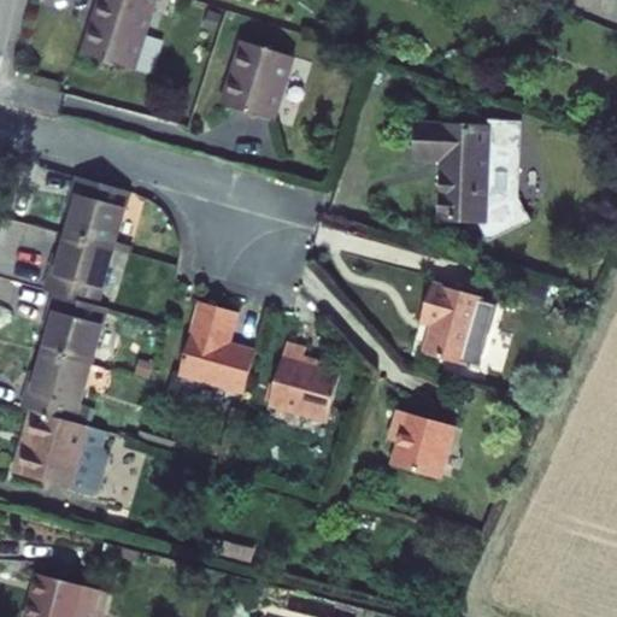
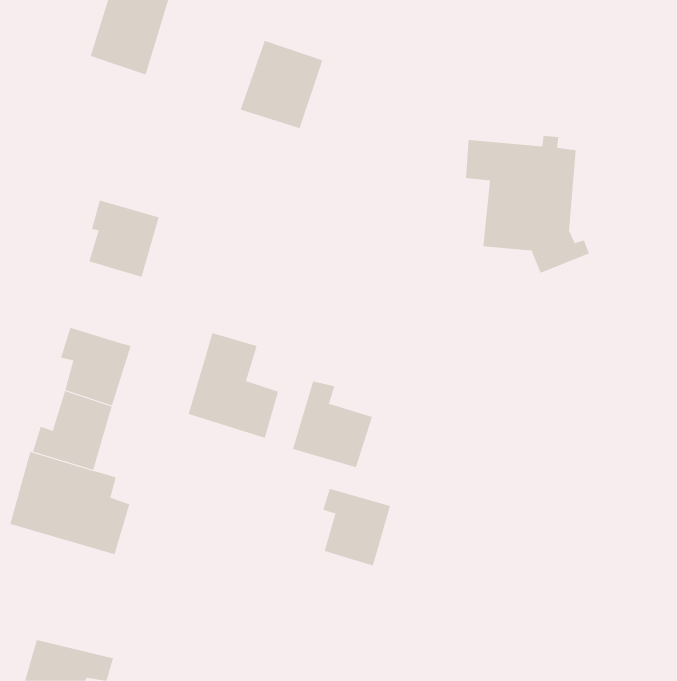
building: [55,235,128,308] -> none
building: [421,283,500,370] -> none
building: [390,406,452,476] -> [323,488,391,566]

